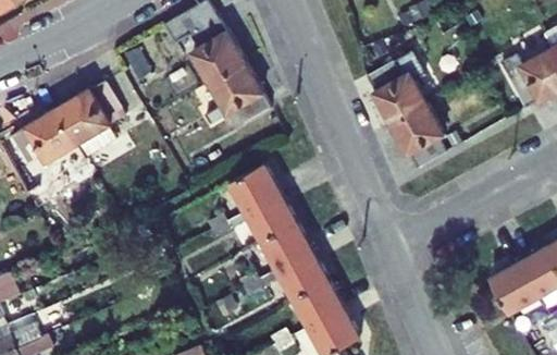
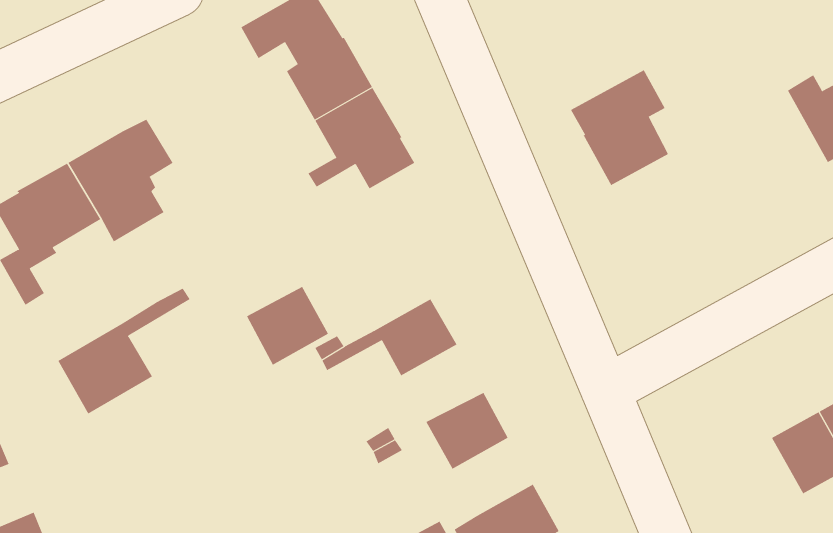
building: [389,103,445,169] -> none
building: [227,163,278,212] -> [246,286,329,365]
building: none -> [58,288,191,415]
building: [260,221,311,269] -> none
building: [292,279,342,327] -> none

